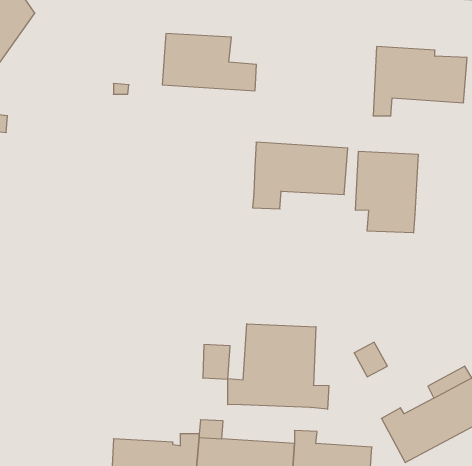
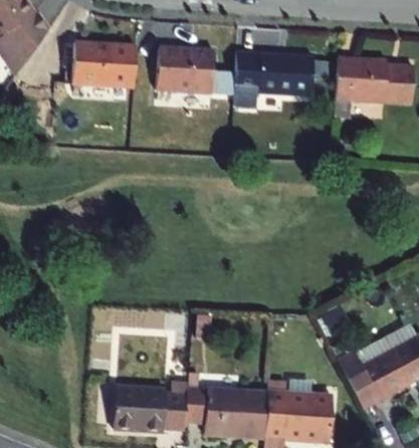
building: none -> [71,40,137,86]
building: [253,142,348,209] -> [233,51,313,107]
building: [356,151,418,233] -> none
building: [228,324,329,409] -> none

